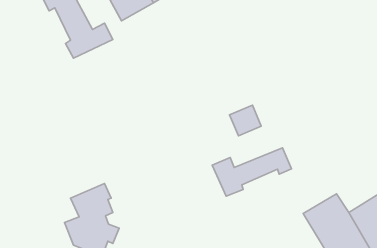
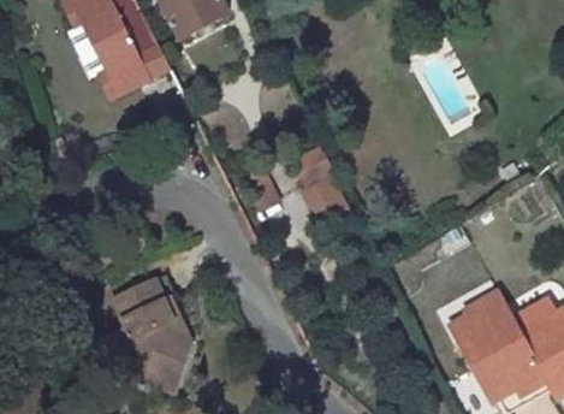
building: [230,105,261,136] -> [295,162,342,208]
building: [212,148,292,196] -> none

